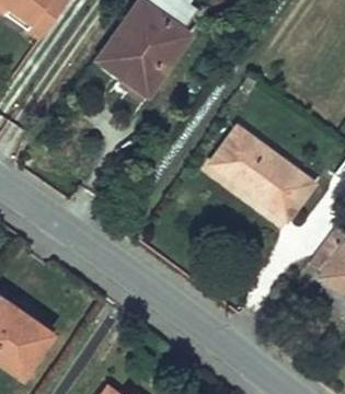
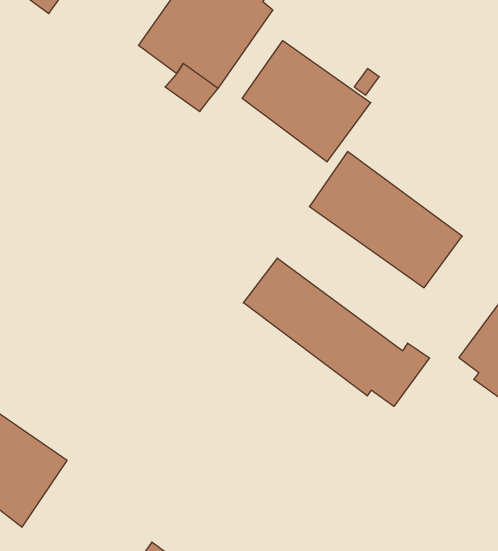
building: none -> [242,41,371,162]
building: none -> [243,258,430,406]

